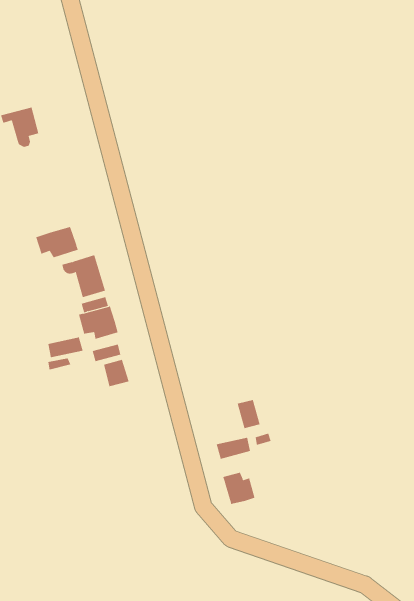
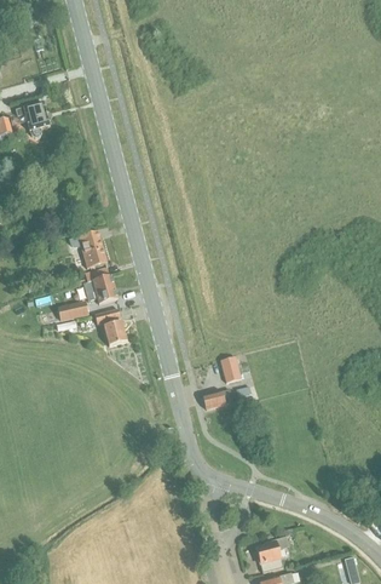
building: [36,226,79,258] -> none
building: [223,472,255,505] -> none

